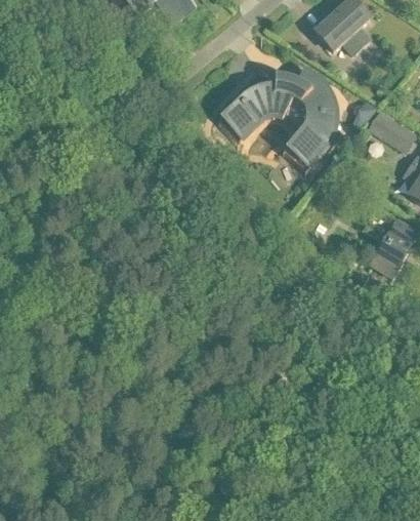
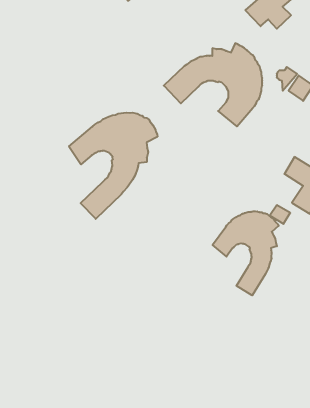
building: none -> [69,113,157,219]
building: none -> [213,211,279,295]

